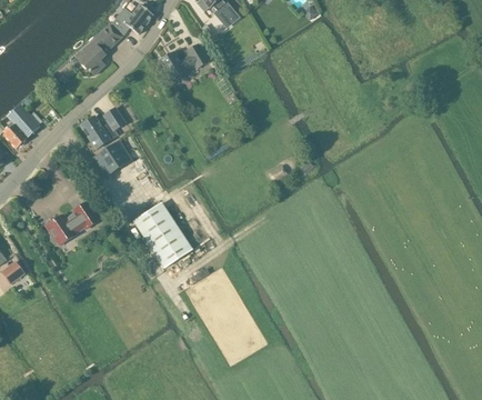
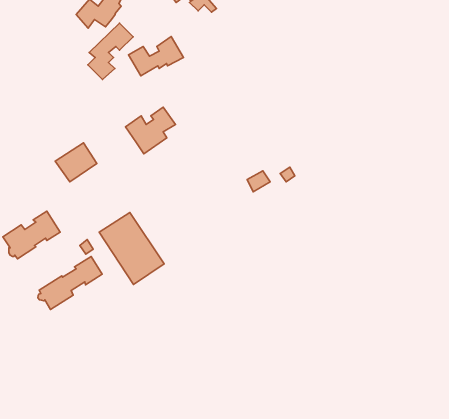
building: [80,23,121,74] -> [88,23,133,79]
building: [79,107,124,149] -> [125,107,175,154]
building: none -> [38,256,102,309]

